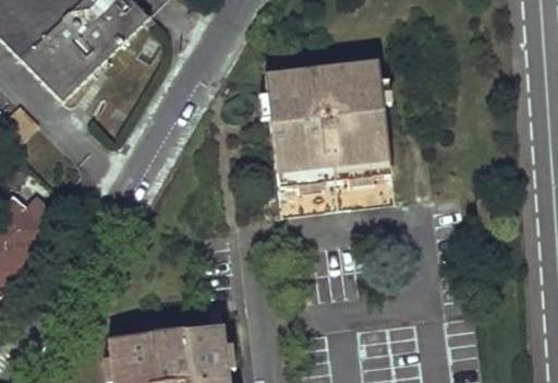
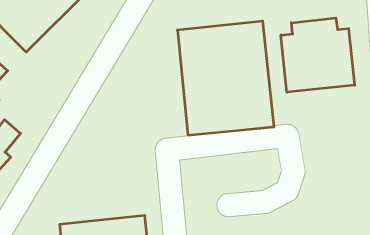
building: none -> [281,18,355,92]

